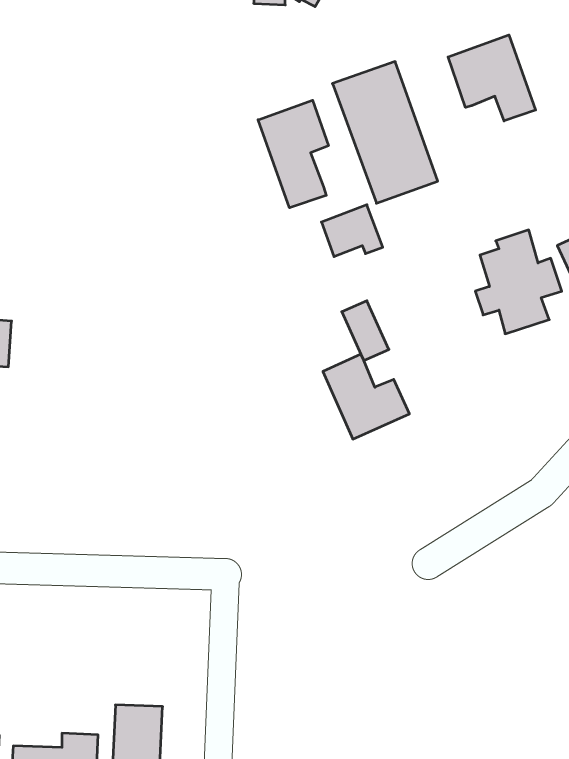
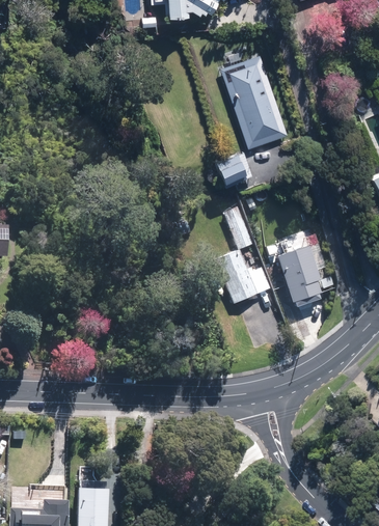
building: [448,35,536,121] -> none
building: [258,100,328,208] -> none
building: [475,230,562,334] -> [273,239,330,307]

